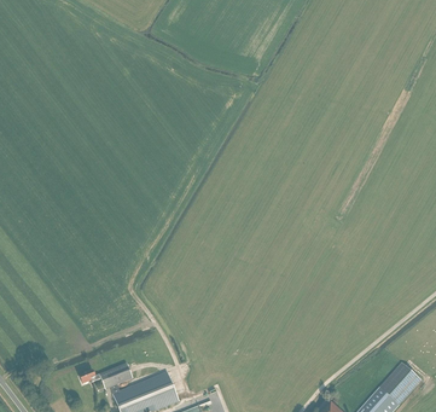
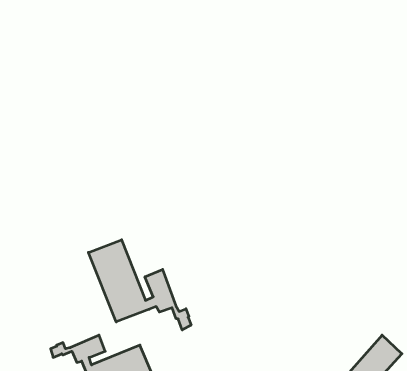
building: none -> [88,240,191,330]

